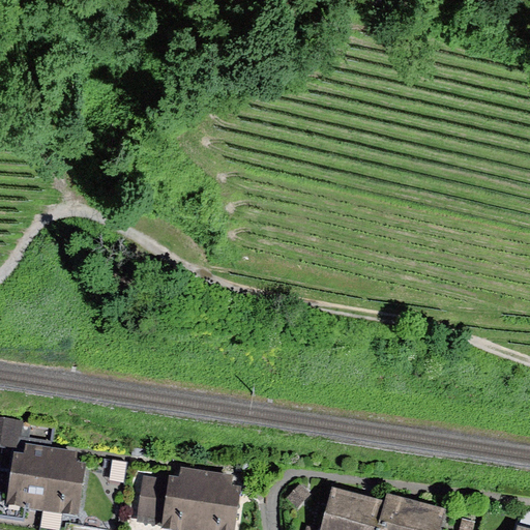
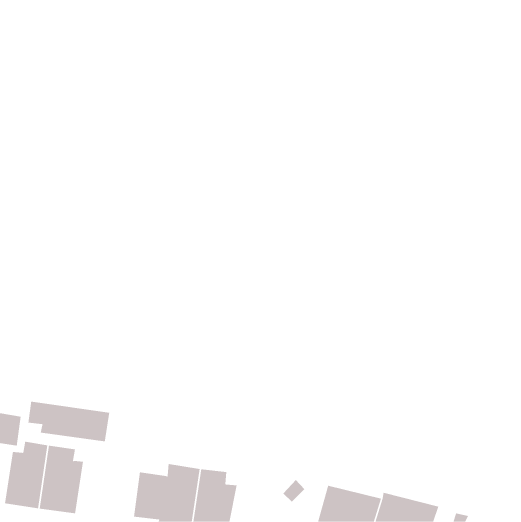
building: none -> [28,401,110,442]

